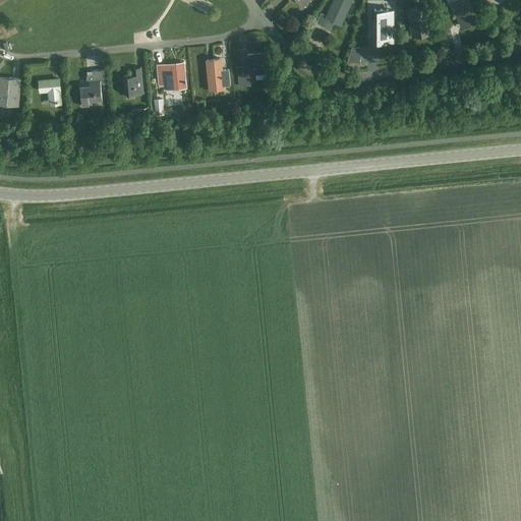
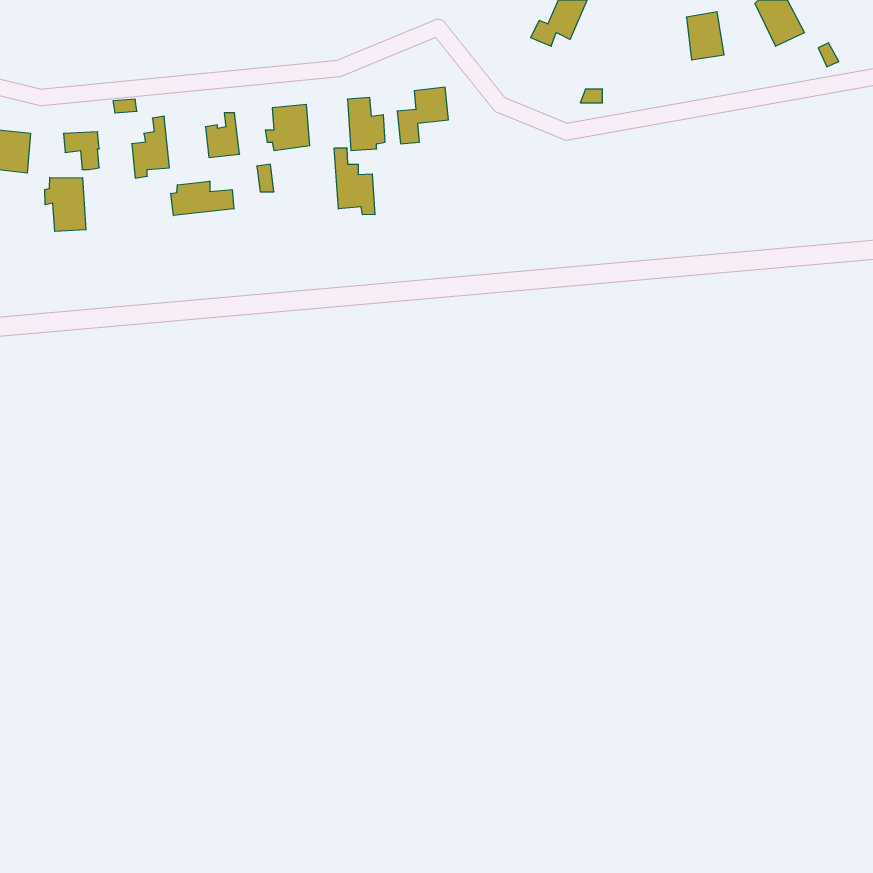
building: [370,10,392,41] -> none
building: none -> [334,148,375,215]
building: none -> [45,177,86,231]
building: none -> [171,181,234,216]

